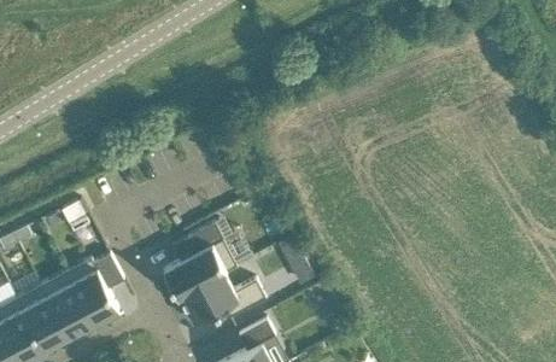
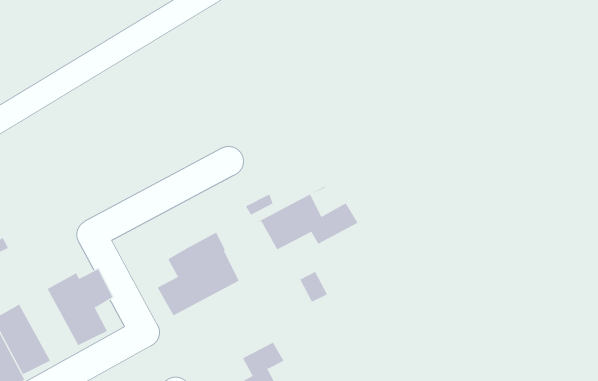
building: [176,265,265,322] -> [258,186,358,250]
building: [40,273,92,337] -> none

